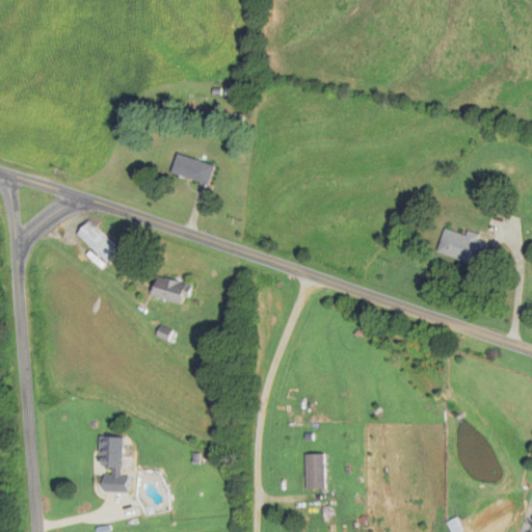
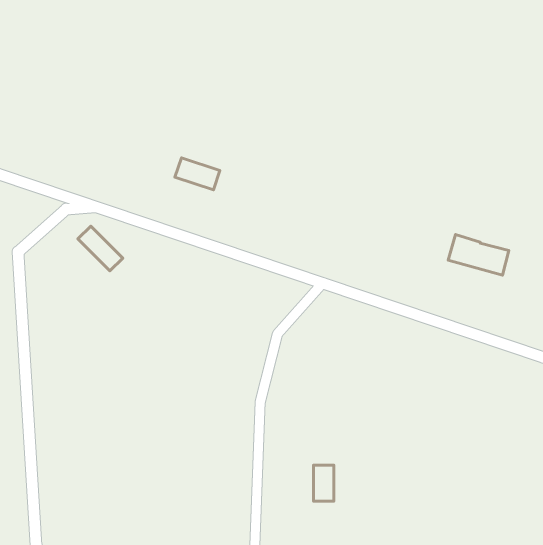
building: [152,273,189,307] -> none
building: [99,435,129,493] -> none

